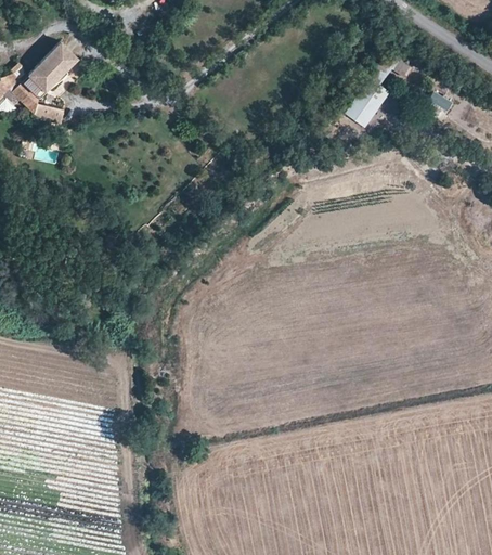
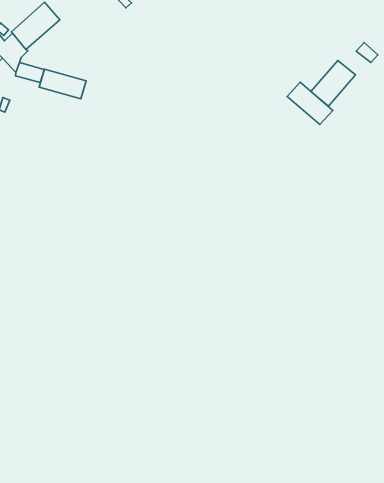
building: none -> [287,82,333,125]
building: none -> [39,69,86,99]

